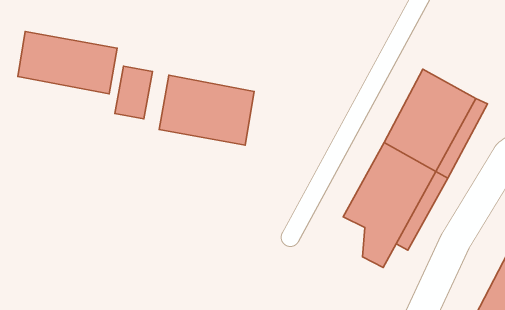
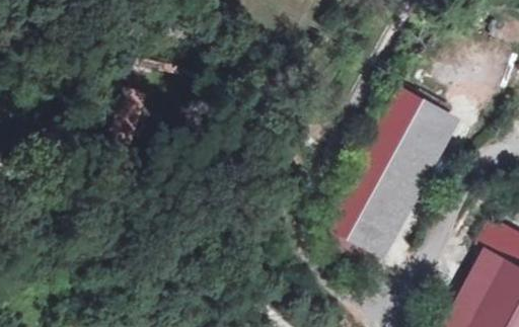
building: [18,32,117,94] -> none
building: [159,75,254,145] -> none

